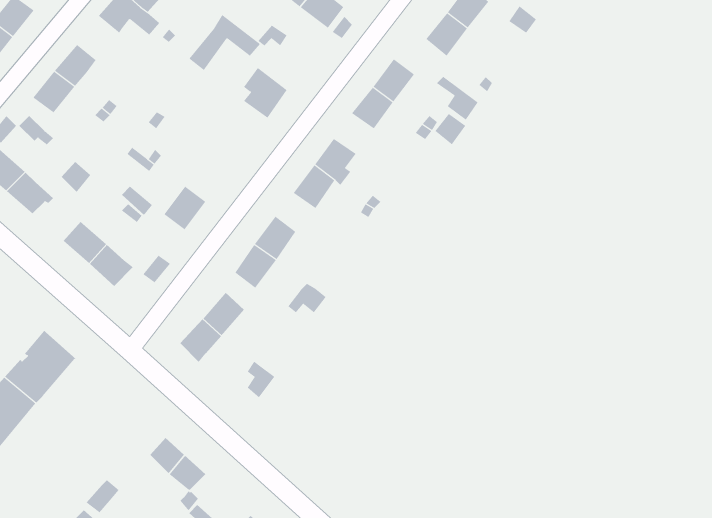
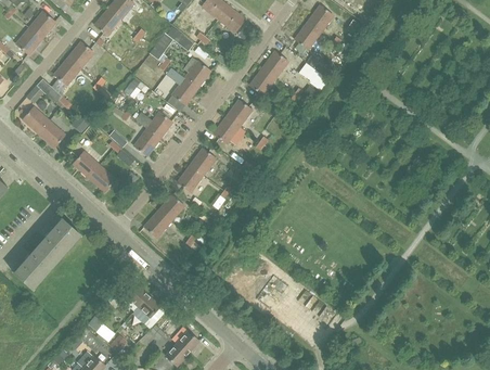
building: none -> [165,67,197,112]
building: none -> [133,112,171,139]

